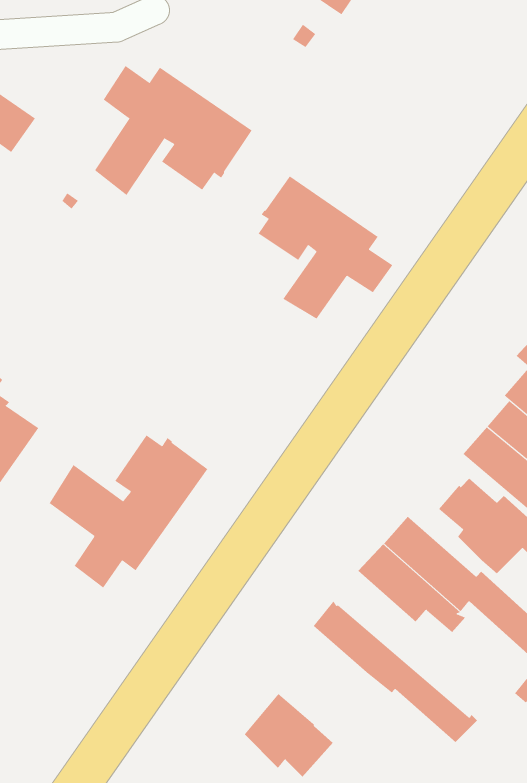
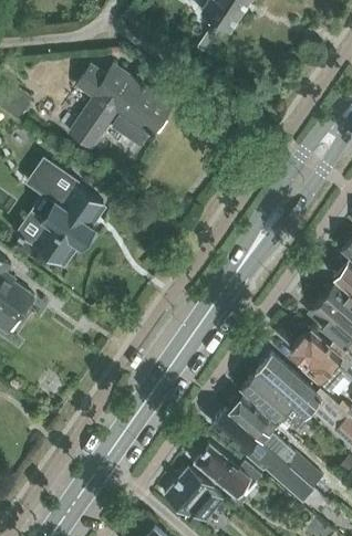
building: [258,175,393,320] -> none
building: none -> [28,158,102,264]
building: [49,435,208,588] -> none
building: none -> [227,395,324,485]
building: none -> [191,442,261,496]

